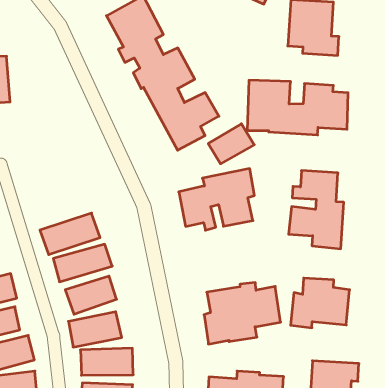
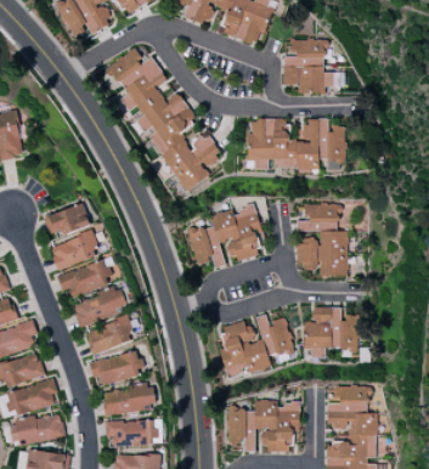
building: [208,124,254,164] -> none
building: none -> [44,203,91,239]
building: none -> [50,232,101,271]

